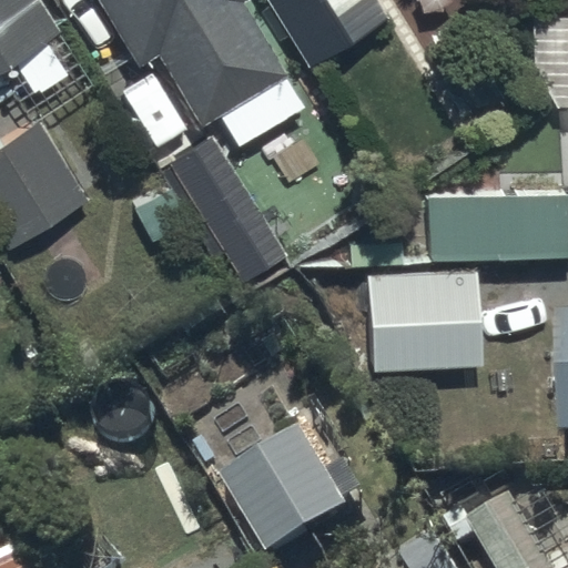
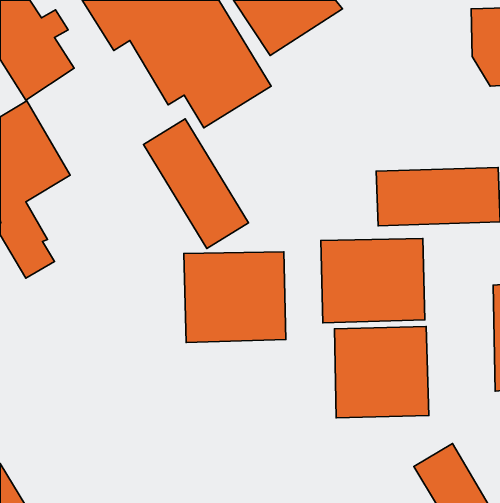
building: none -> [184,252,286,342]
building: none -> [335,327,429,418]
building: [222,432,351,559] -> none

